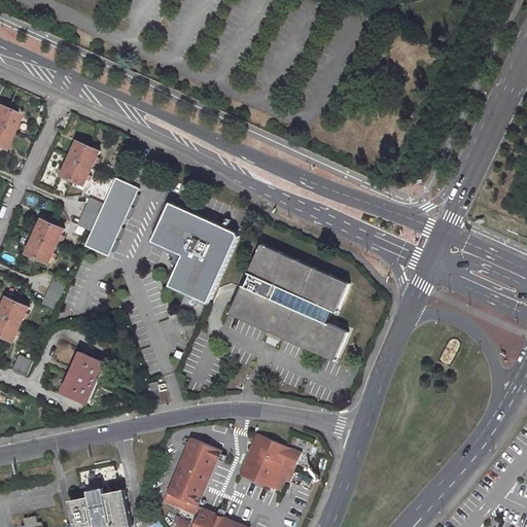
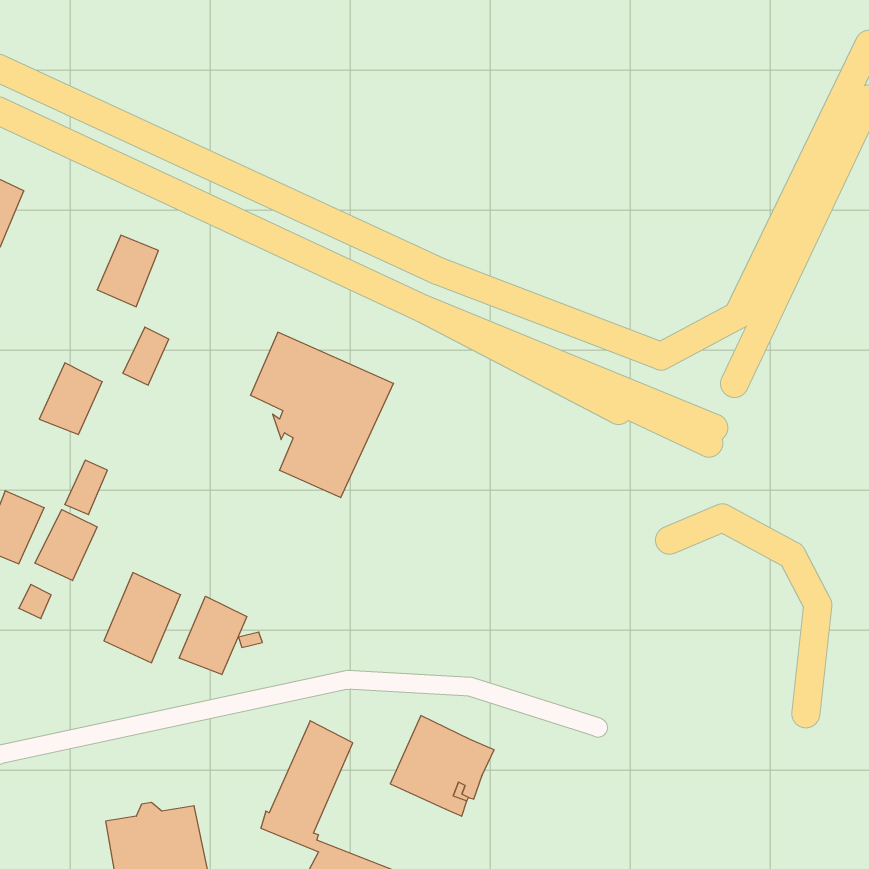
building: [85,179,139,257] -> none
building: [231,244,349,359] -> none
building: none -> [35,510,97,581]
building: none -> [179,596,247,675]

